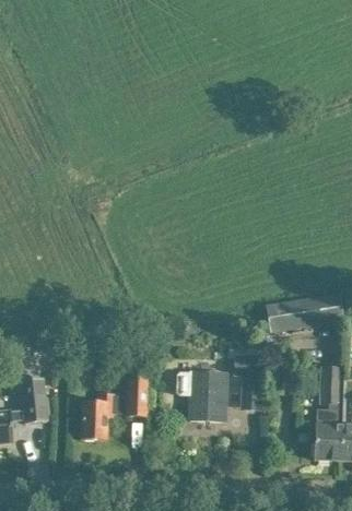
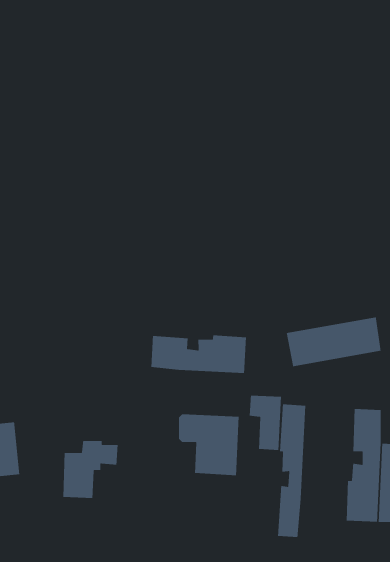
building: none -> [150,334,247,374]
building: none -> [277,404,306,538]
building: [126,379,146,416] -> none

